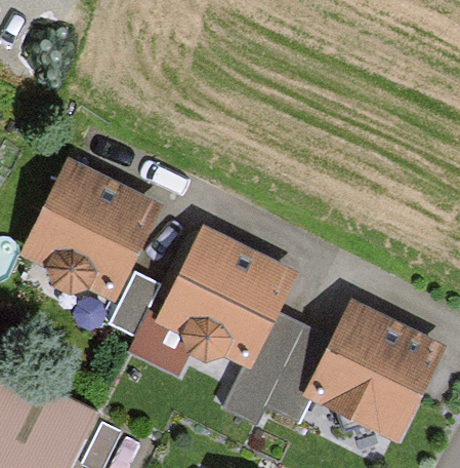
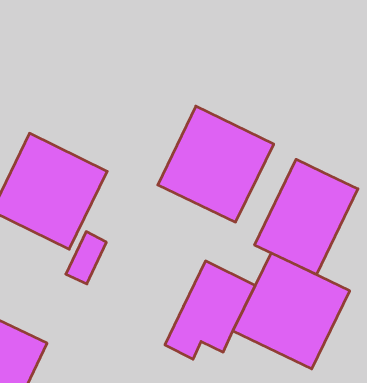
building: none -> [255,159,358,274]
building: [157,232,291,366] -> [158,106,274,222]

